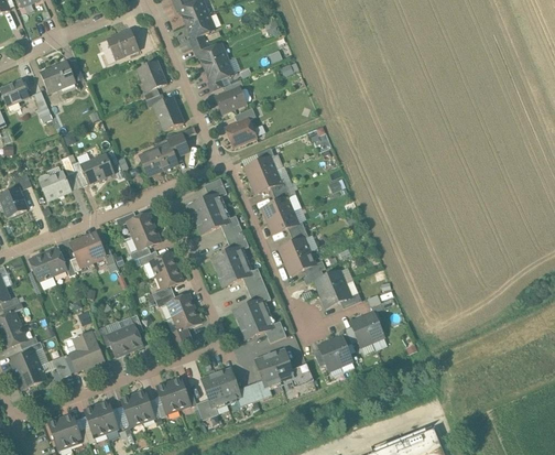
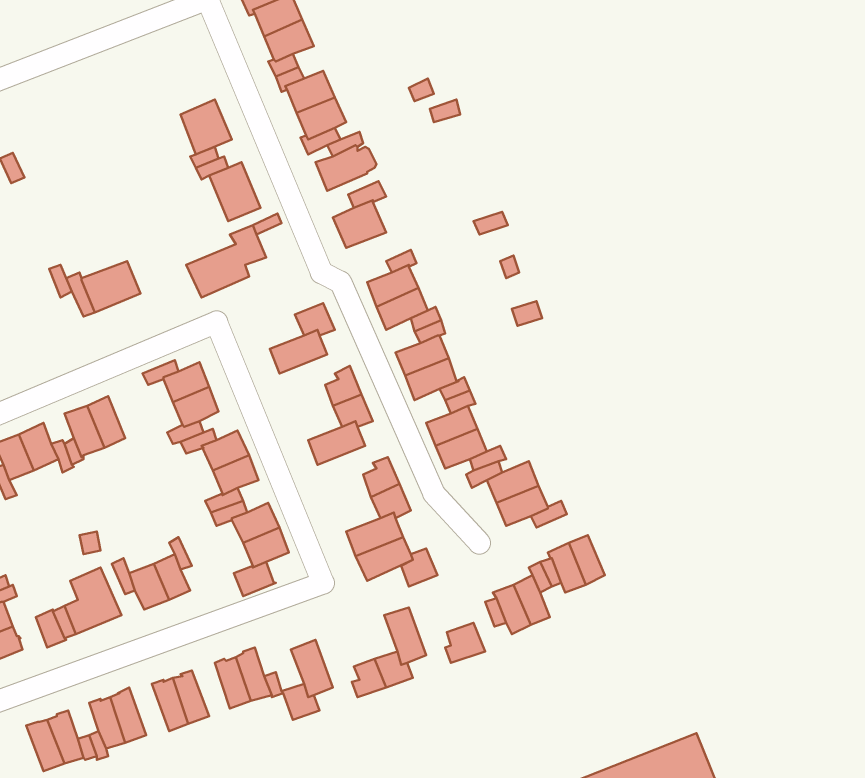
building: [106,30,138,59] -> none
building: [40,62,74,94] -> none
building: [39,172,70,201] -> none
building: [194,208,228,234] -> none
building: [216,261,250,286] -> none
building: [269,349,293,382] -> none
building: [215,369,240,401] -> none

